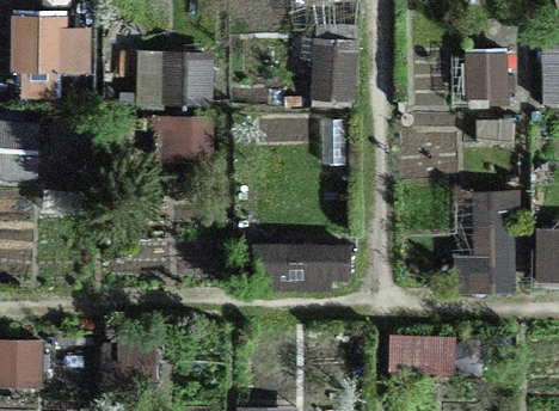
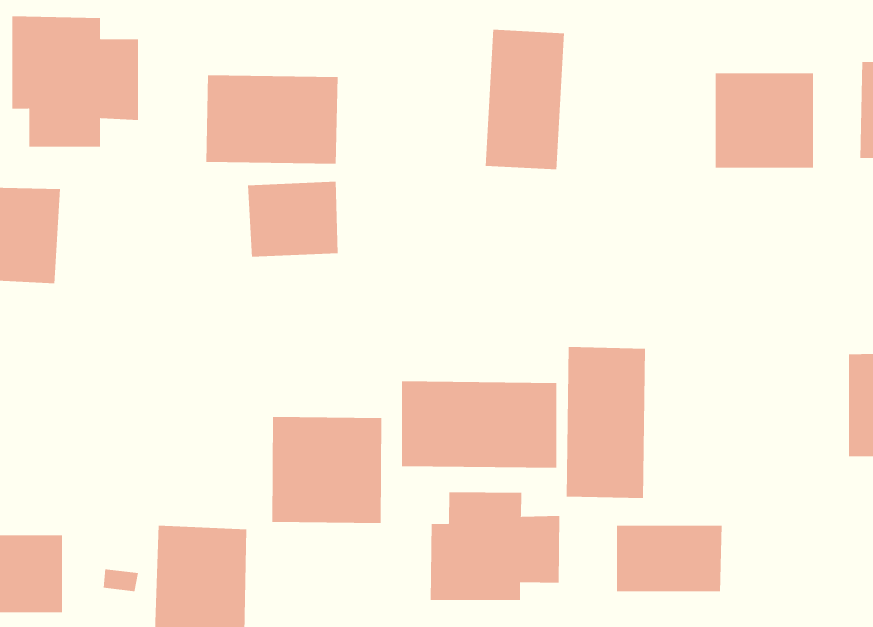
building: [467,194,517,289] -> [566,347,646,499]
building: none -> [272,416,382,524]
building: none -> [430,491,560,601]

